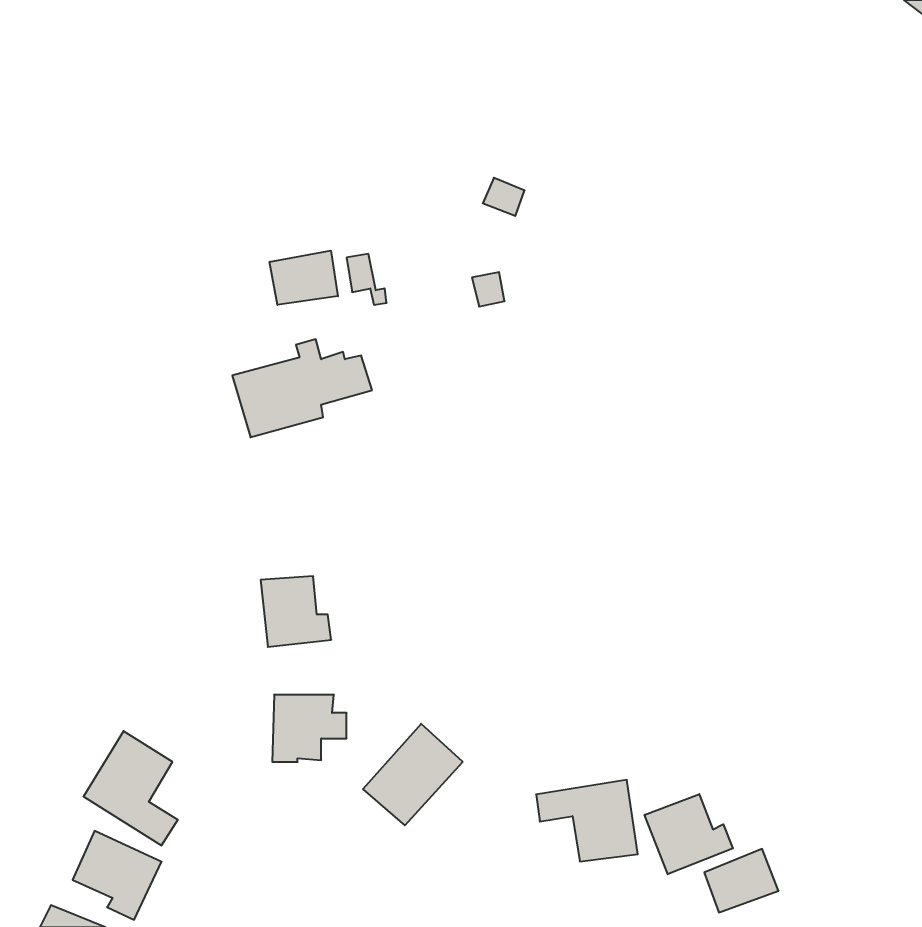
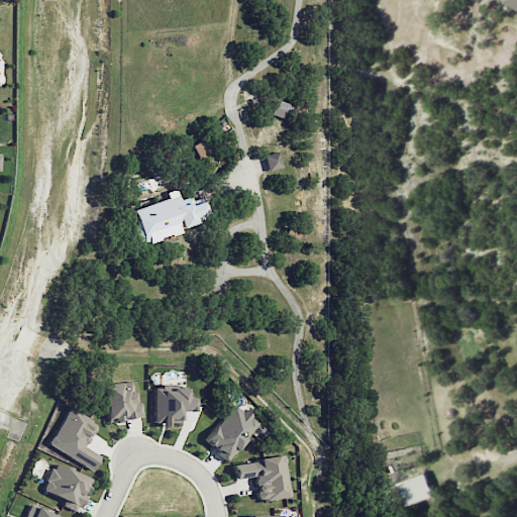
building: [270,251,338,305] -> none
building: [261,576,331,647] -> [105,382,144,421]
building: [536,780,638,861] -> [234,455,291,501]
building: [645,794,733,874] -> none

